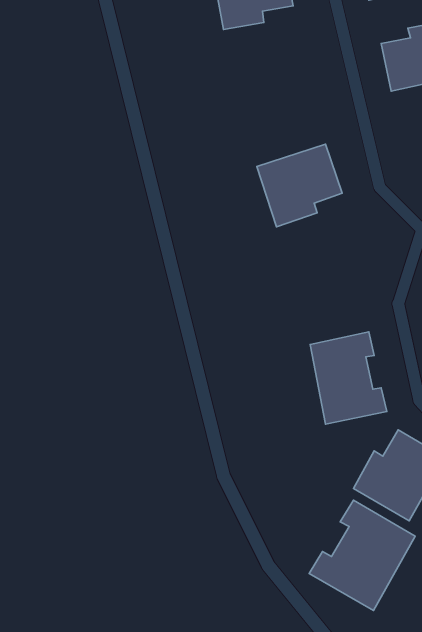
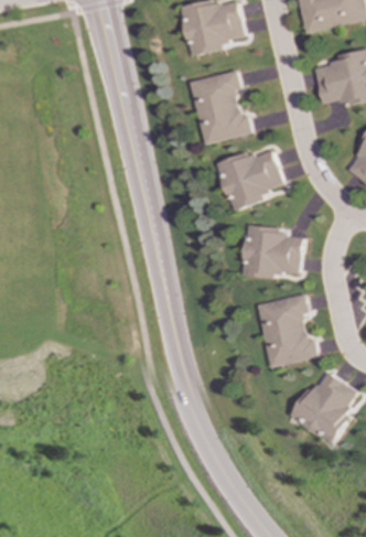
building: none -> [189,71,250,144]
building: none -> [240,225,301,279]
building: [309,500,415,611] -> none

